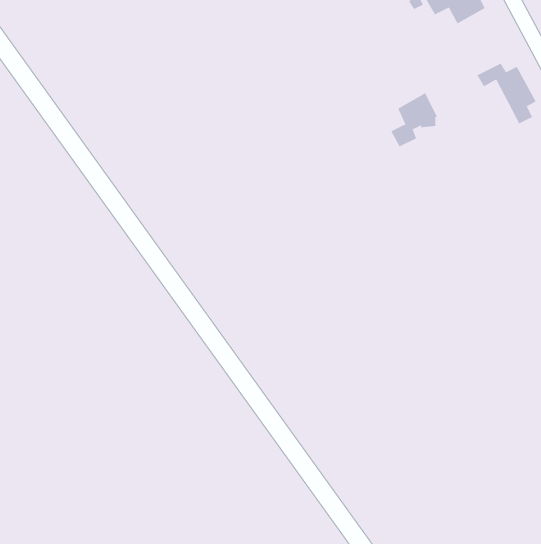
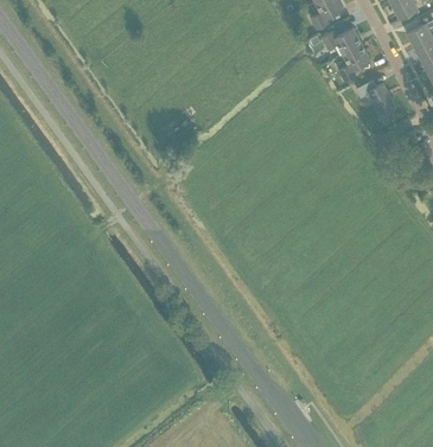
building: [390,93,438,147] -> [338,45,370,82]

